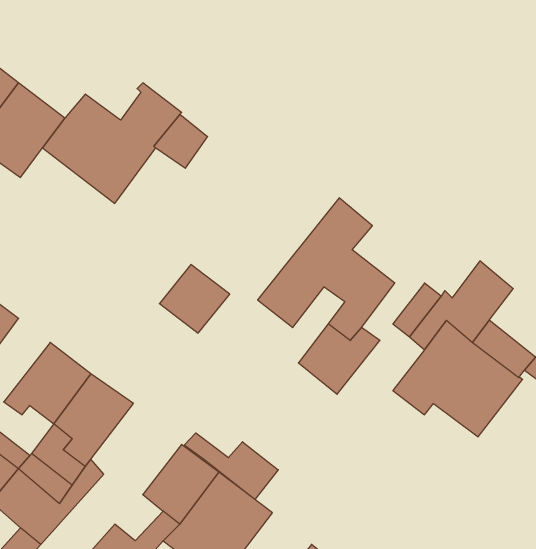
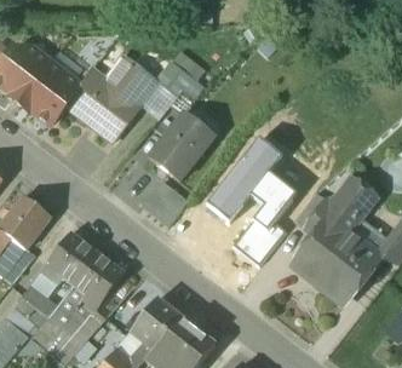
building: none -> [155,52,209,97]
building: none -> [148,110,214,180]
building: [184,433,278,499] -> none

